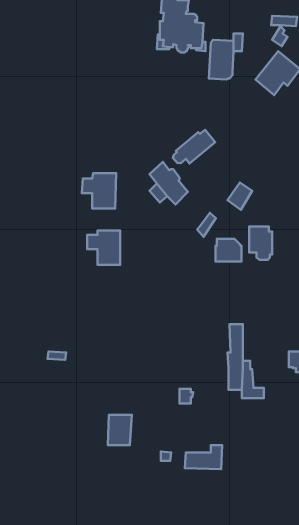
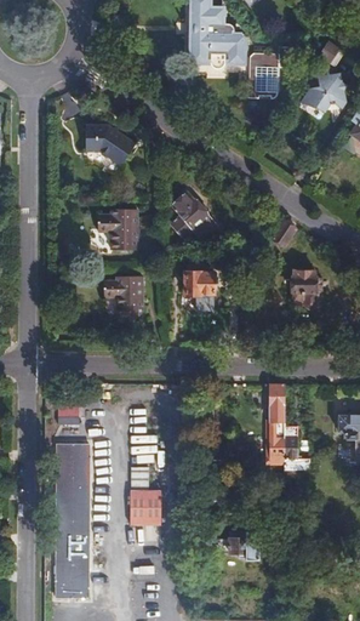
building: none -> [85,123,135,163]
building: [173,130,215,163] -> none
building: [216,239,242,262] -> [185,268,216,295]
building: none -> [55,443,92,599]

